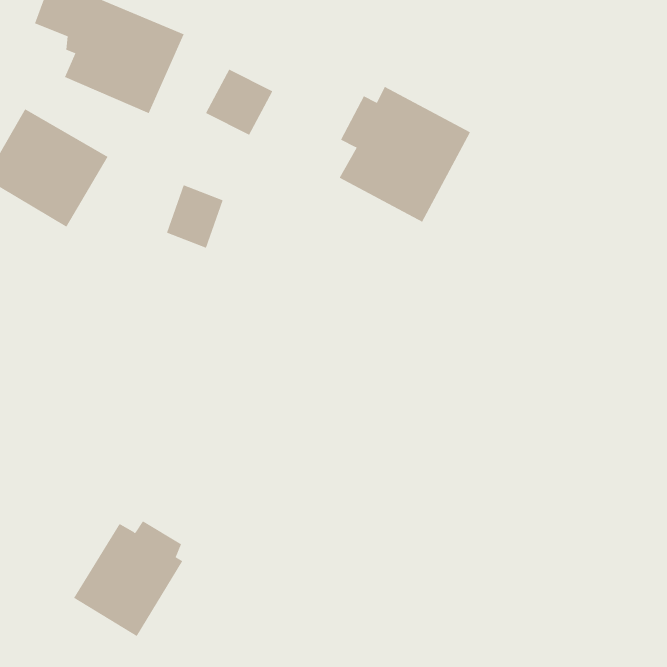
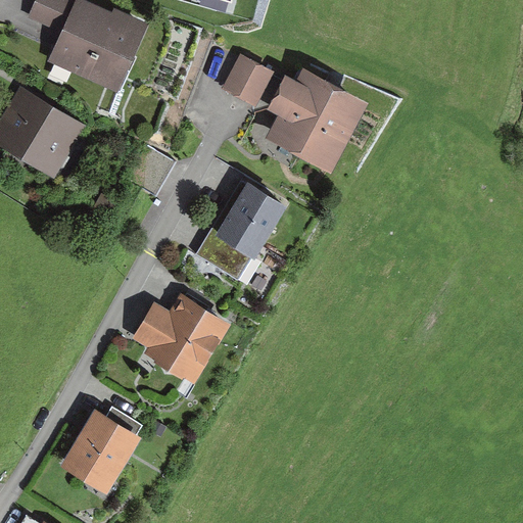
building: [205,69,273,135] -> [221,54,274,106]
building: none -> [194,181,287,281]
building: none -> [131,293,233,386]

